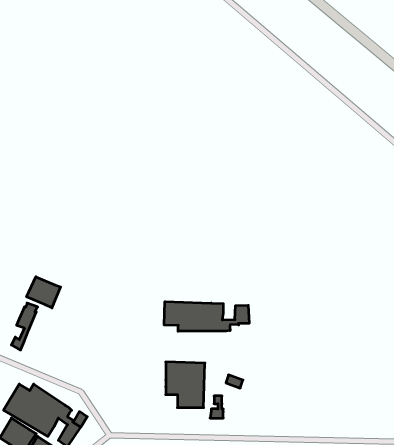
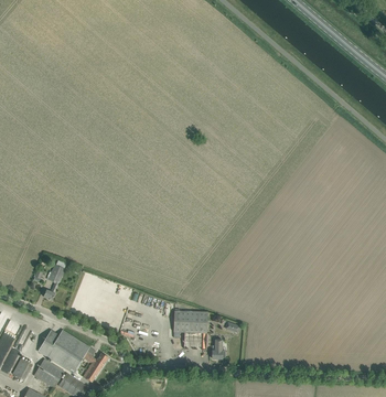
building: [27,277,61,308] -> none
building: [164,302,249,331] -> none

